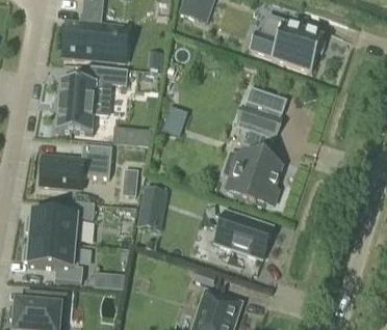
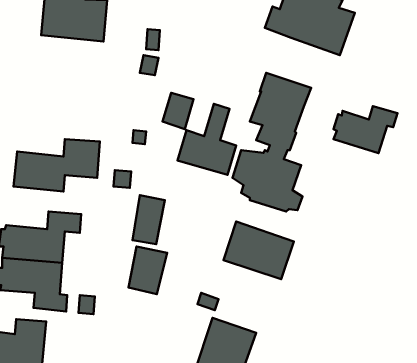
building: [55,65,127,132] -> none
building: none -> [177,104,236,175]
building: none -> [333,106,398,153]
building: none -> [128,247,167,294]

